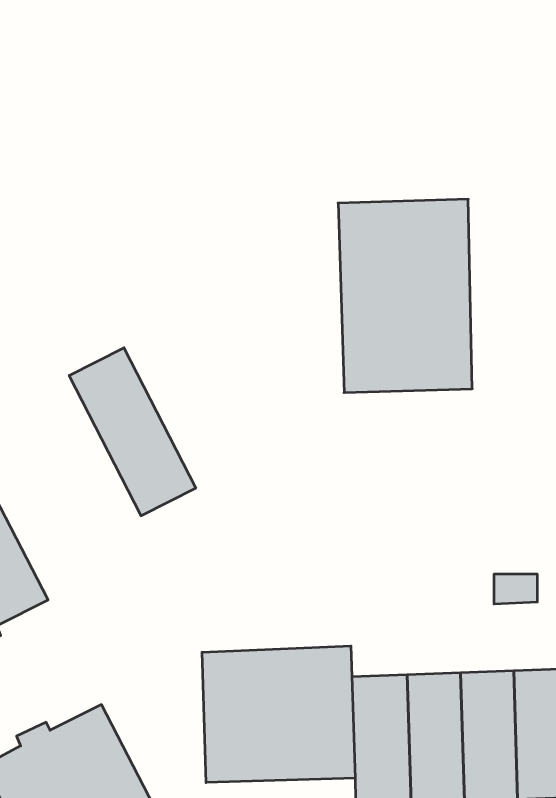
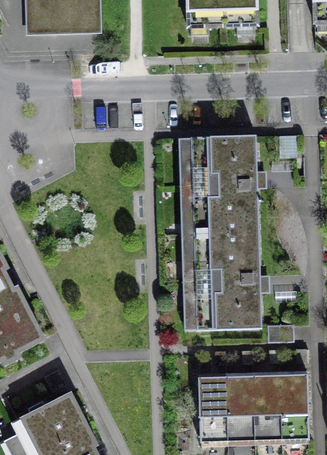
building: [69,348,196,516] -> none
building: none -> [192,231,260,329]
building: [202,646,355,783] -> none

